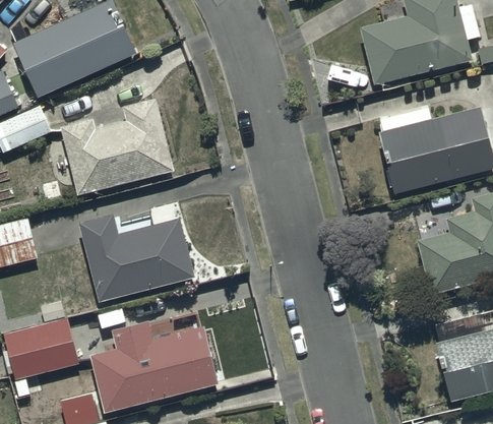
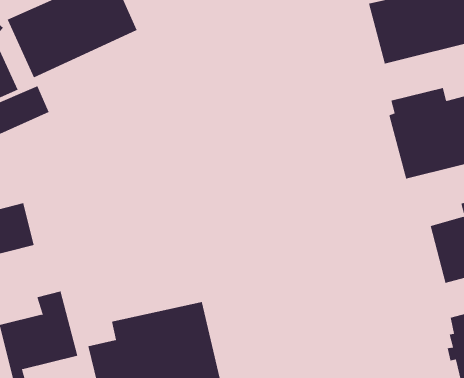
building: [61,98,174,194] -> none
building: [78,213,195,303] -> none

